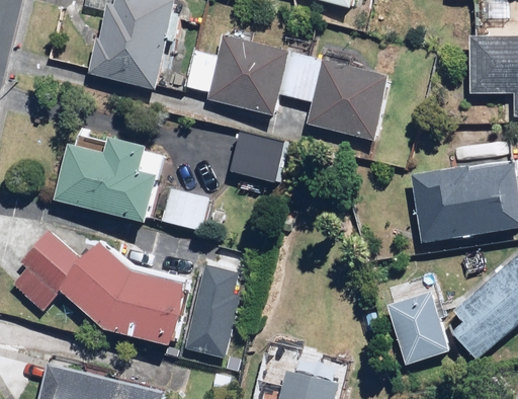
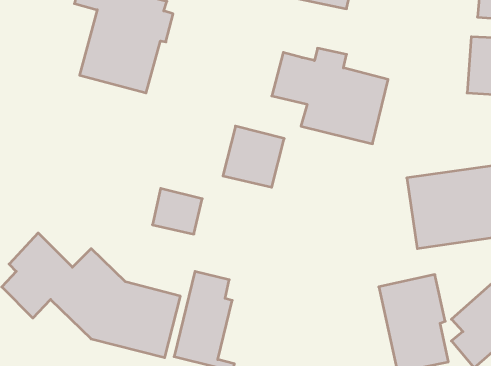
building: [184,35,288,114] -> none
building: [52,130,166,226] -> none

